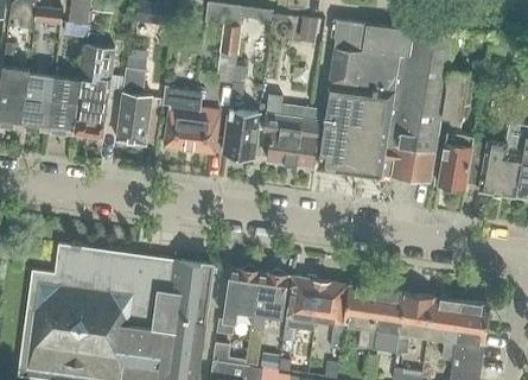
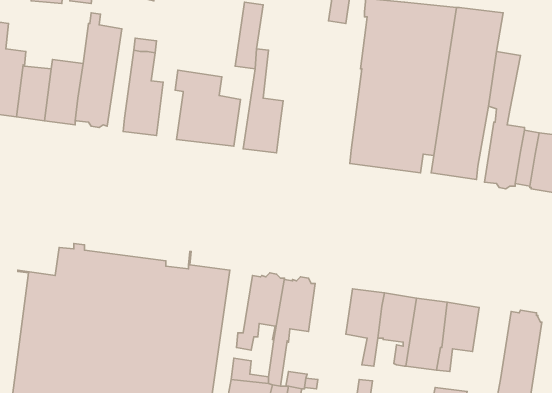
building: [256,95,319,169] -> none
building: [282,277,320,343] -> none
building: [427,298,462,362] -> none

